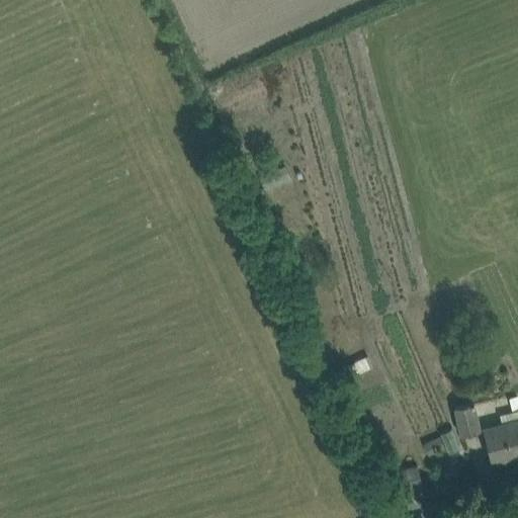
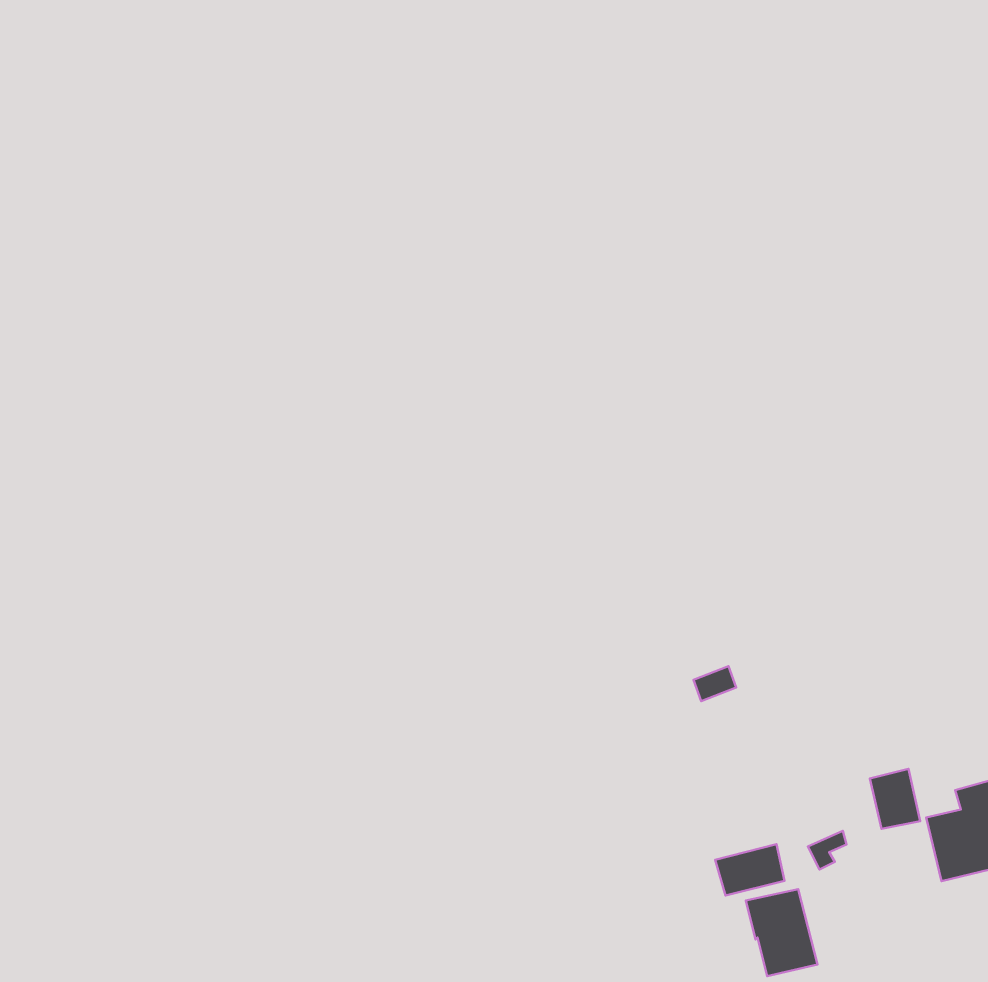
building: none -> [715,844,785,896]

